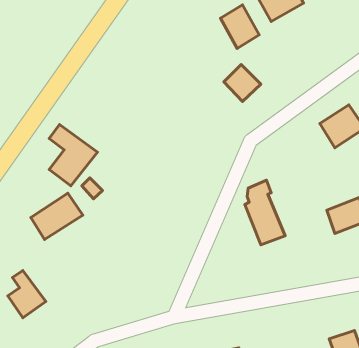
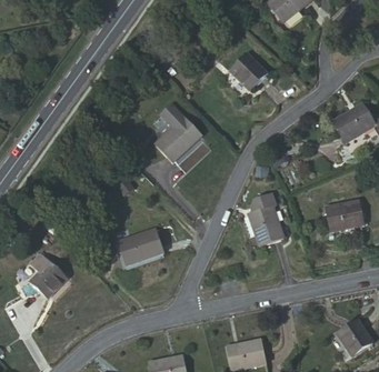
building: [221,5,259,48] -> none
building: [49,125,98,186] -> [151,112,198,171]
building: [31,193,83,239] -> [118,215,168,260]

